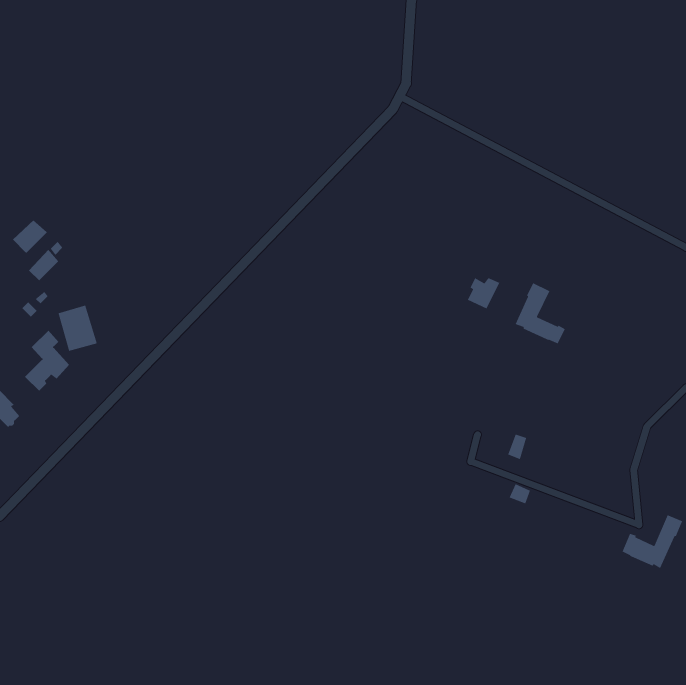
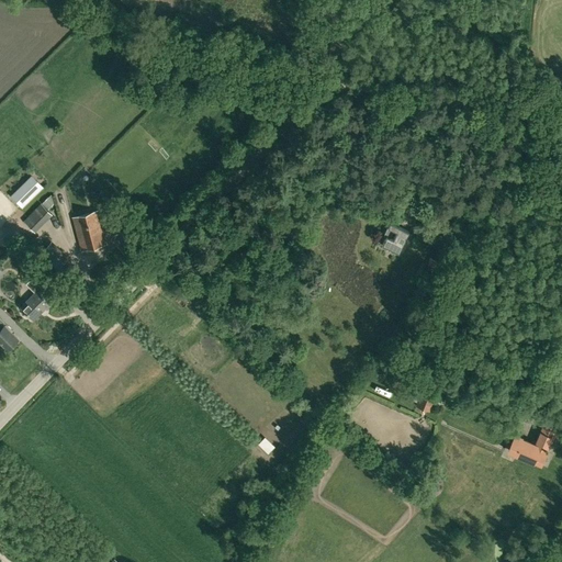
building: [515,282,566,345] -> none
building: [58,305,98,352] -> [72,213,105,251]

